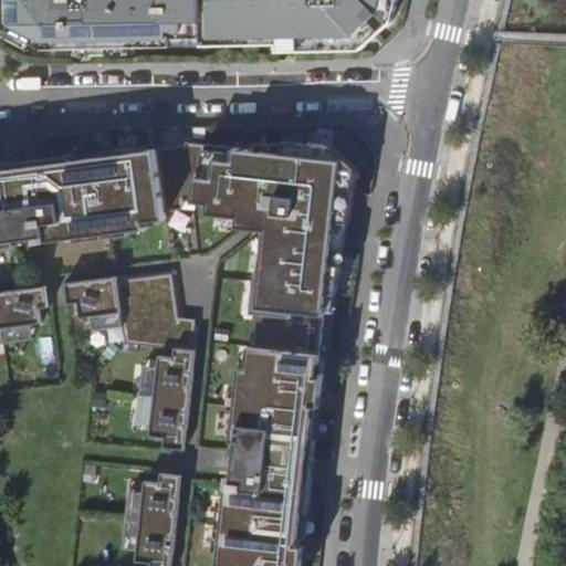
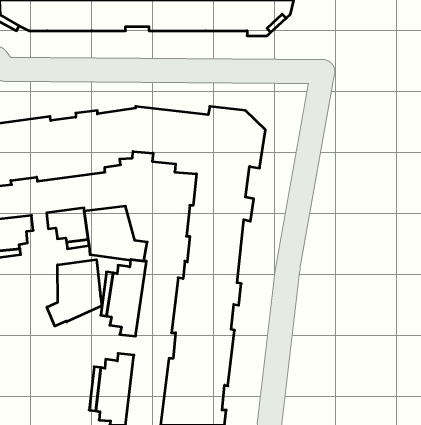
building: none -> [47,260,102,326]

